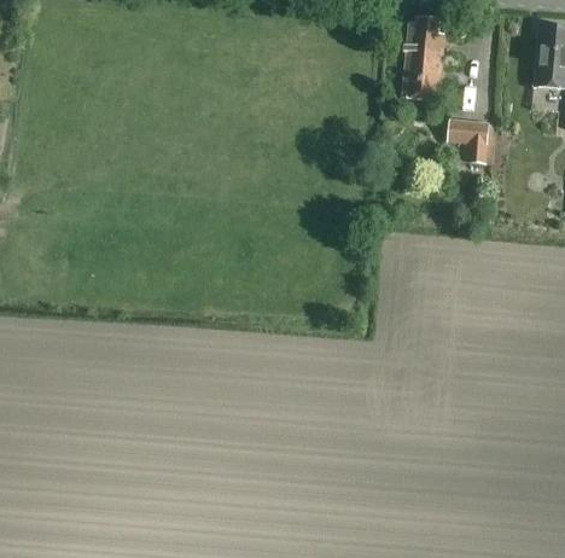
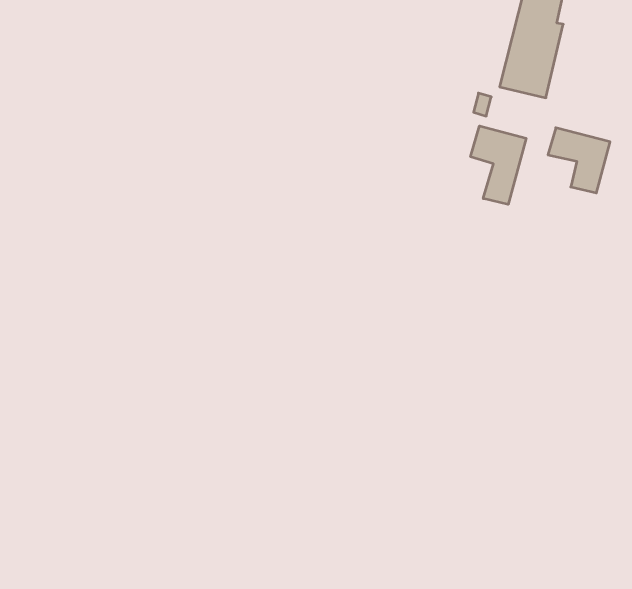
building: none -> [471,126,526,204]

